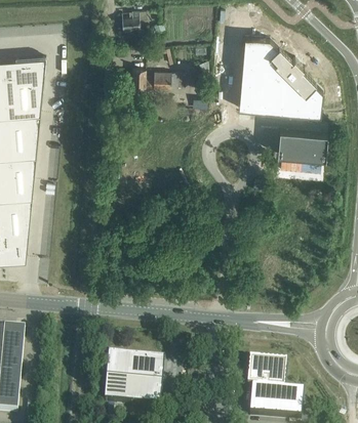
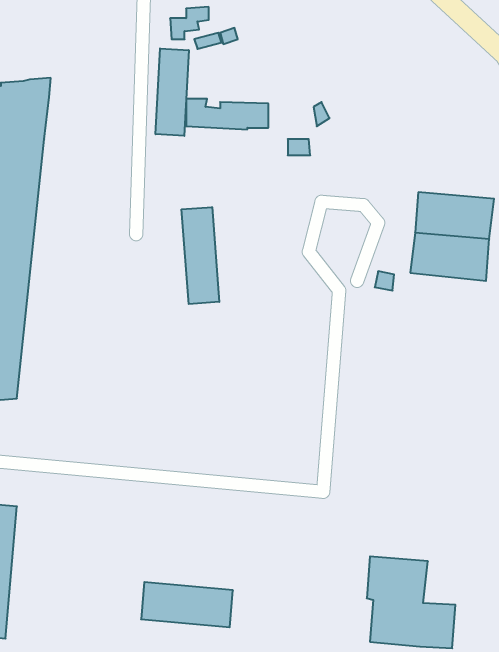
building: [239,34,323,114] -> none
building: none -> [156,48,189,136]
building: none -> [182,207,219,304]
building: [106,351,164,380] -> none

